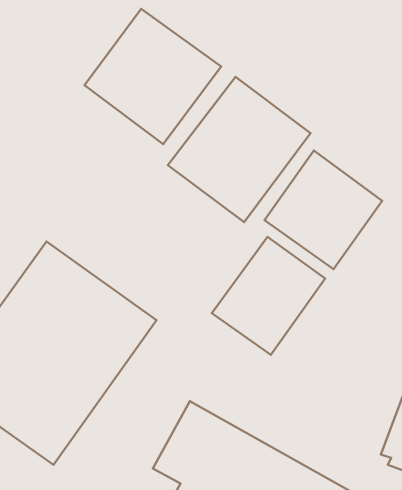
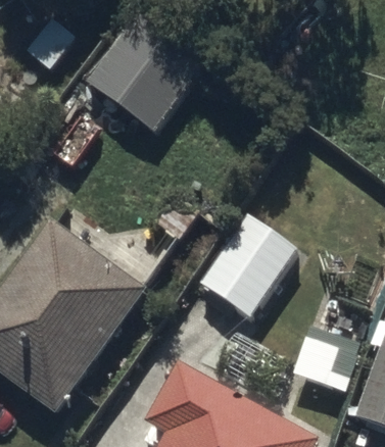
building: [168,77,310,222] -> none
building: [264,151,382,269] -> none

